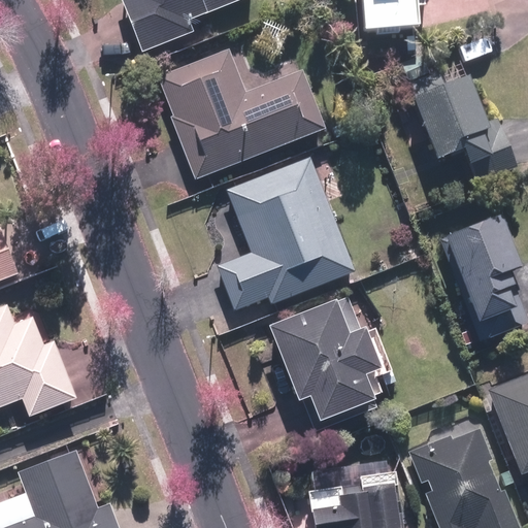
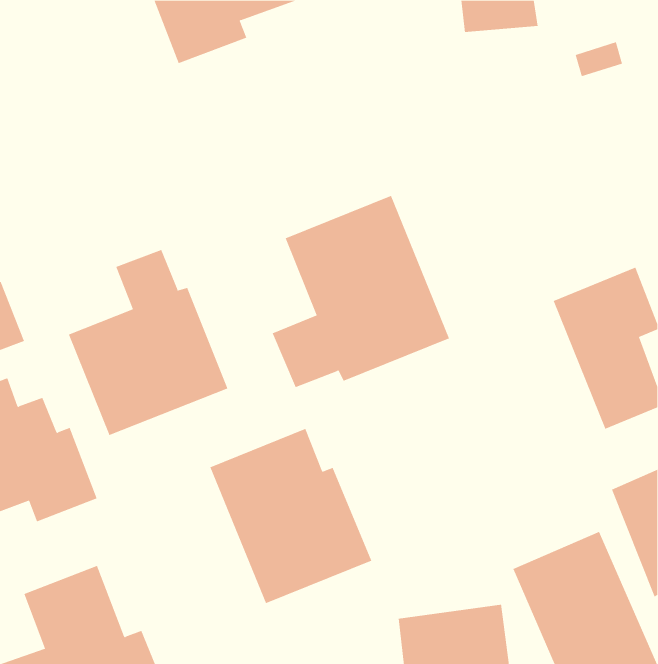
building: [154,47,327,179] -> none
building: [418,72,518,180] -> none
building: none -> [68,249,228,436]
building: [270,292,399,431] -> [210,428,372,604]

